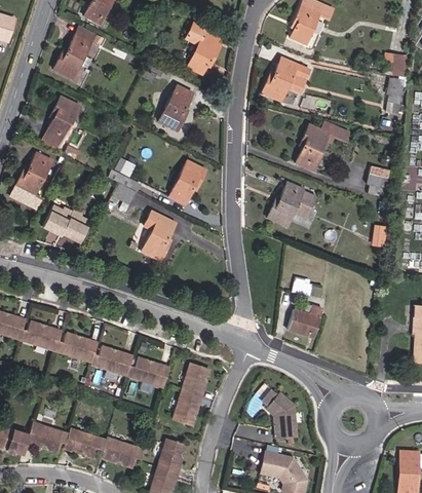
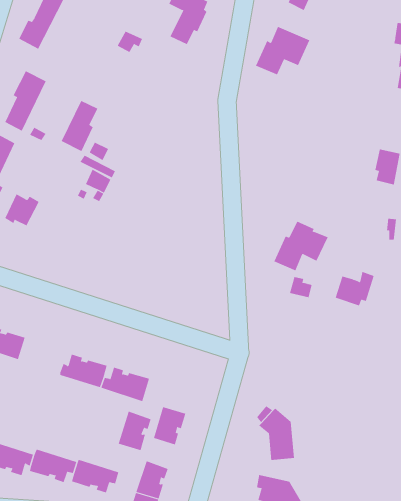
building: [159,85,192,130] -> [61,100,98,152]
building: [296,122,348,169] -> none
building: [169,160,206,204] -> none
building: [267,182,315,226] -> [274,221,329,271]
building: [62,210,90,240] -> none
building: [142,212,176,261] -> none
building: [287,305,322,336] -> [335,271,375,306]
building: [54,332,98,362] -> none
building: [181,363,210,397] -> [118,411,152,451]

